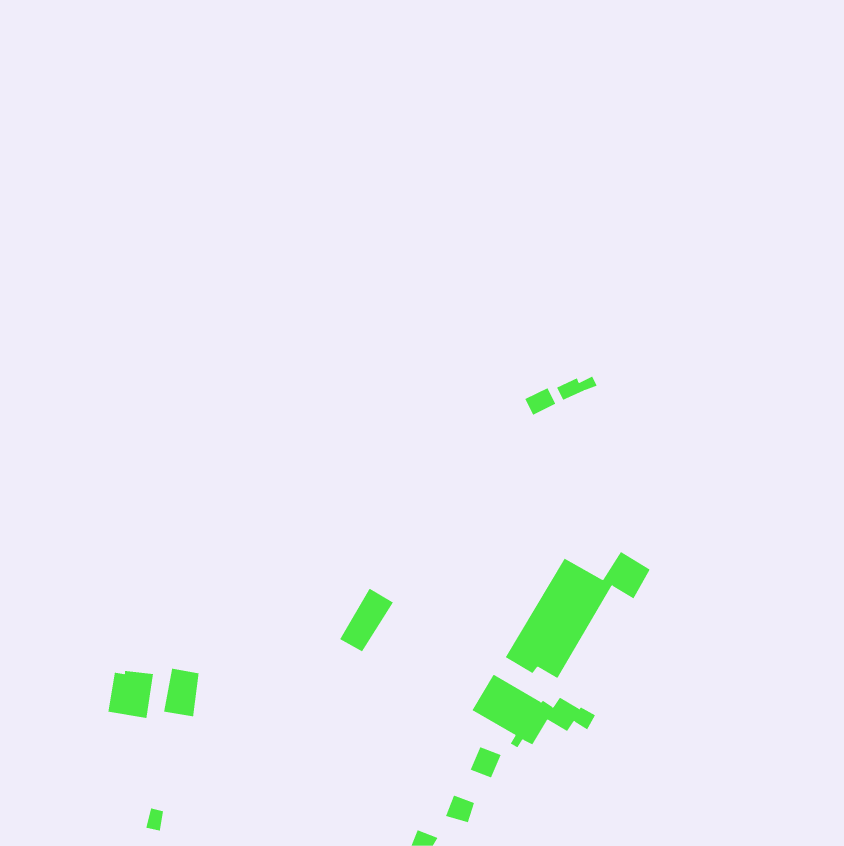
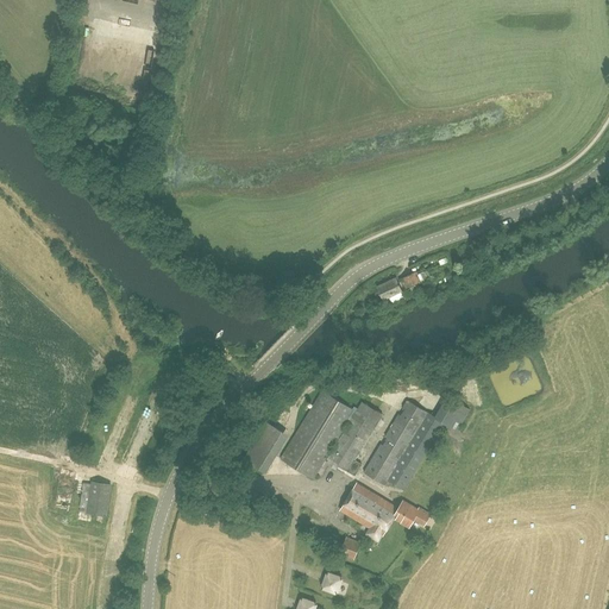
building: none -> [280,391,382,478]
building: [164,668,199,717] -> none

